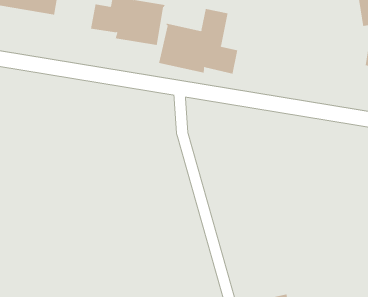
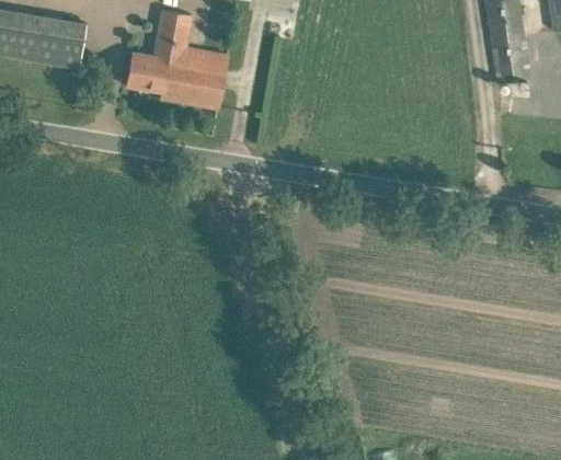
building: [158,8,238,74] -> none

